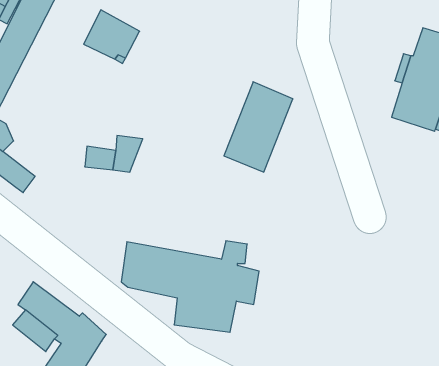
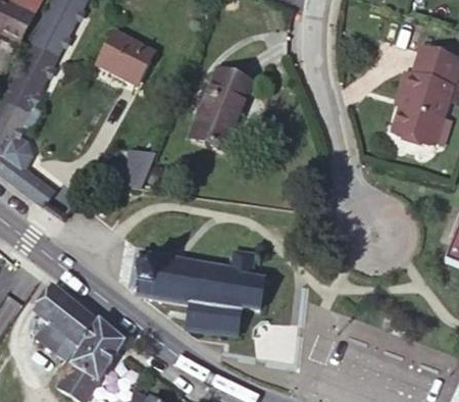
building: [224,82,293,172] -> [191,66,256,152]

